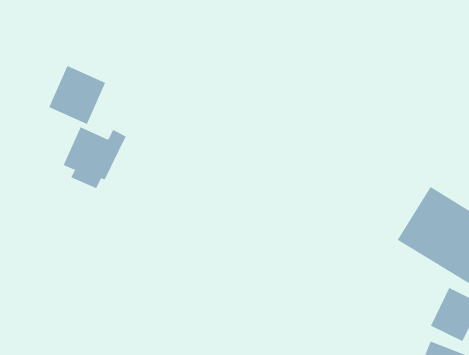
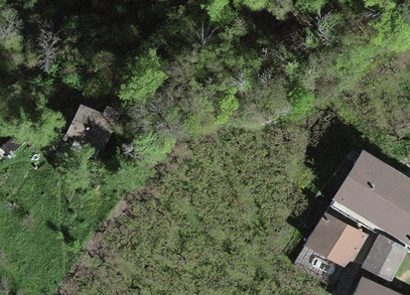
building: [49,65,106,125] -> none
building: none -> [304,215,360,268]

